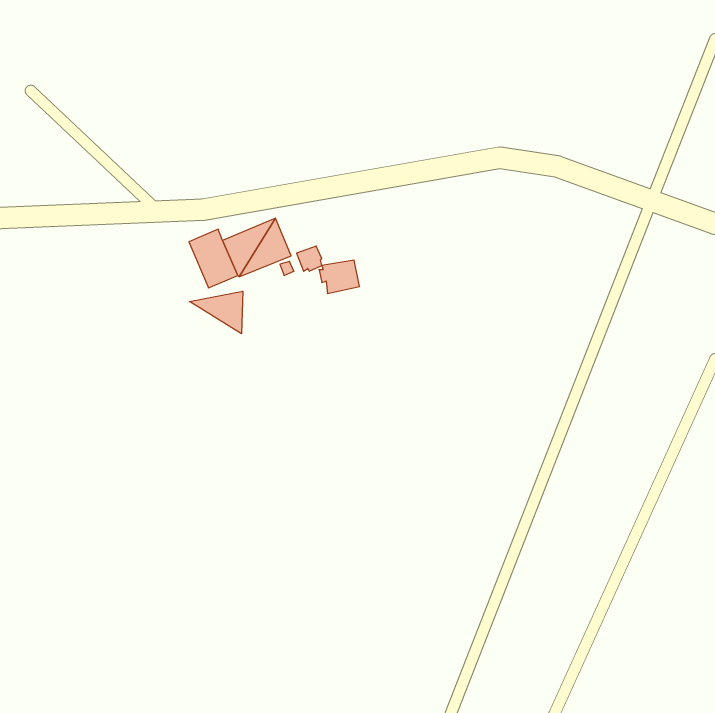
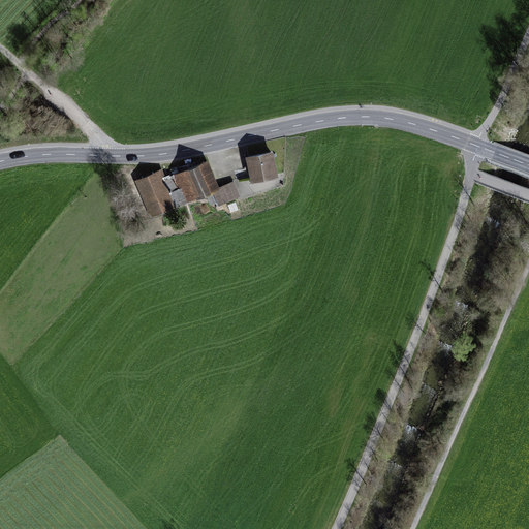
building: [319,260,360,294] -> [246,154,276,179]
building: [189,291,243,334] -> none

